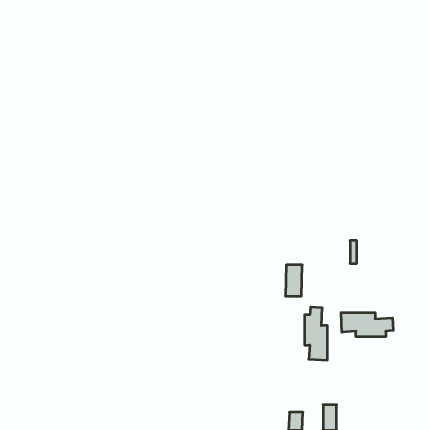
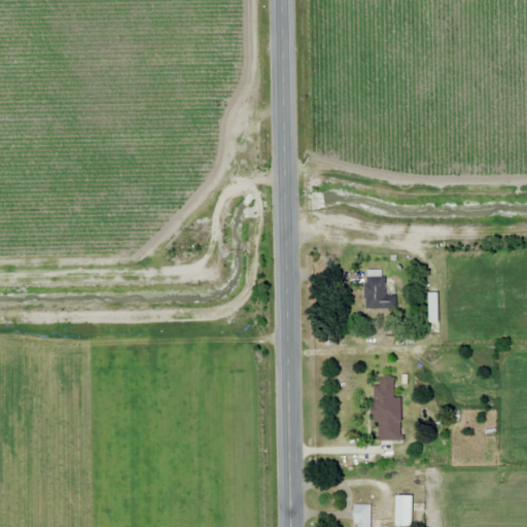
building: [285,265,302,296] -> [365,271,386,309]
building: [341,313,393,337] -> none

